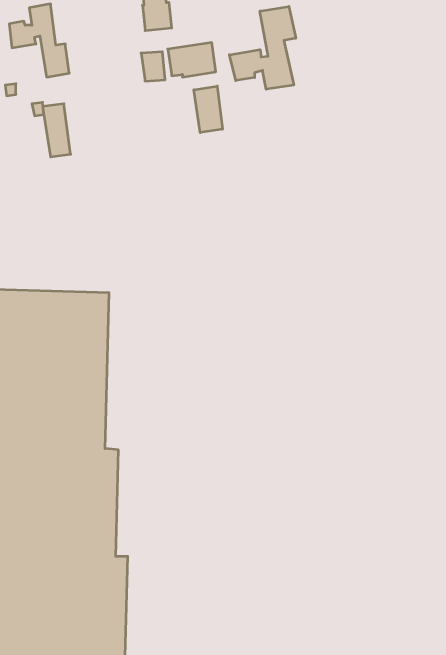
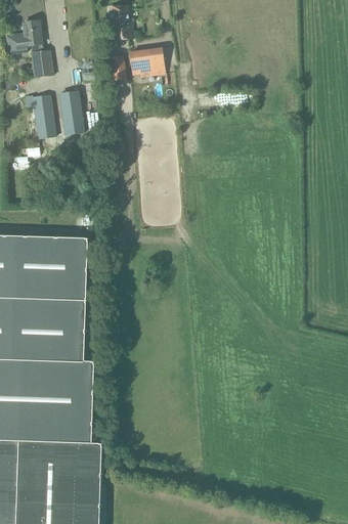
building: [229,6,296,89] -> none
building: [194,86,222,133] -> none
building: none -> [60,90,84,134]

